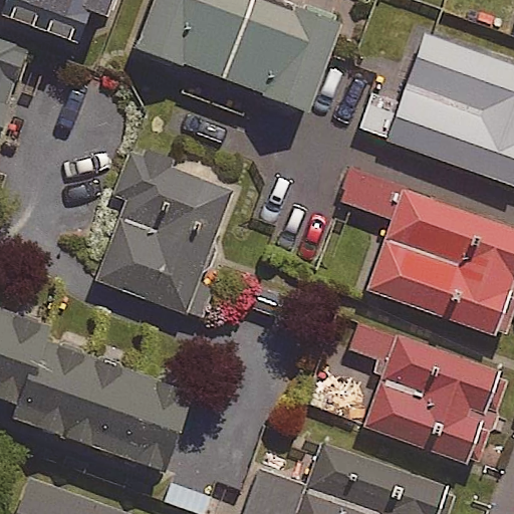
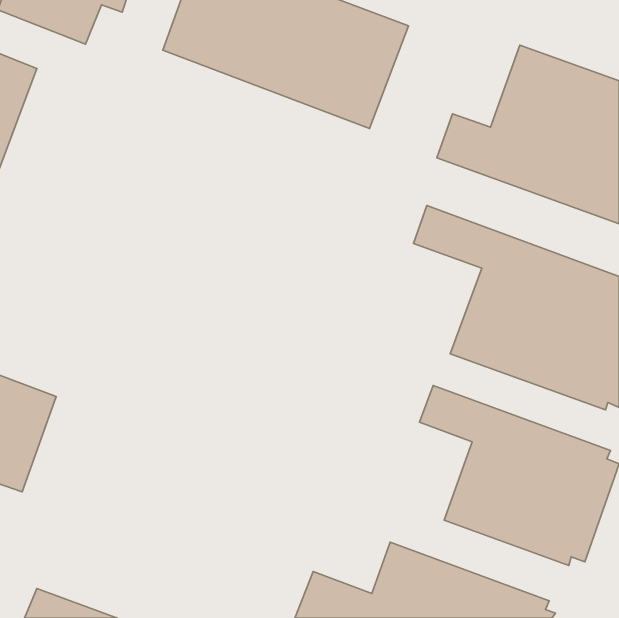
building: [93,152,232,325] -> none
building: [21,341,197,475] -> none

